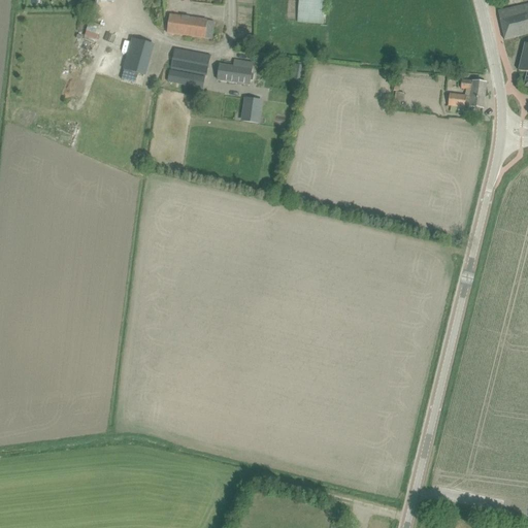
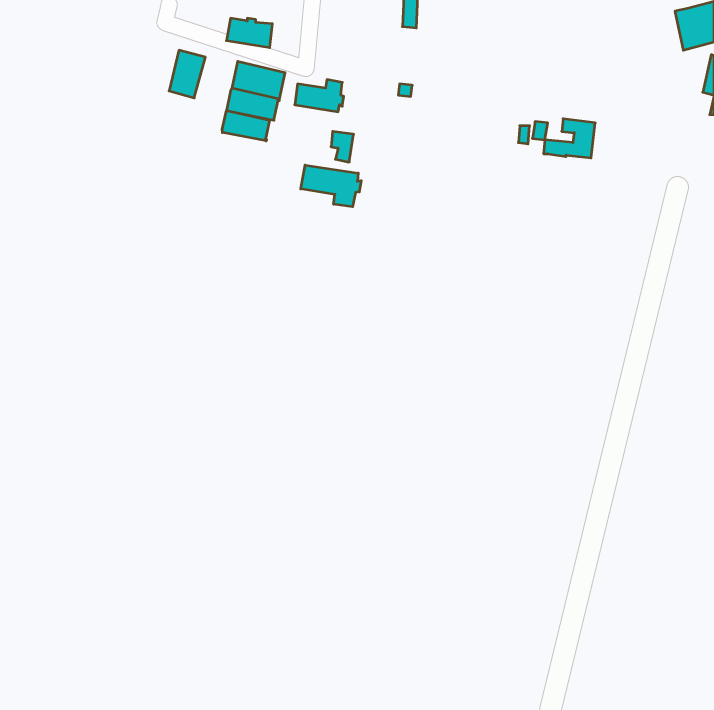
building: [448,77,486,106] -> [544,119,595,158]
building: none -> [222,110,269,141]
building: none -> [301,165,361,207]

